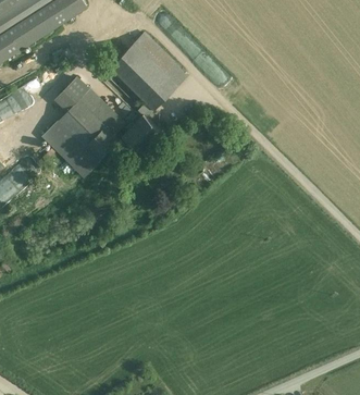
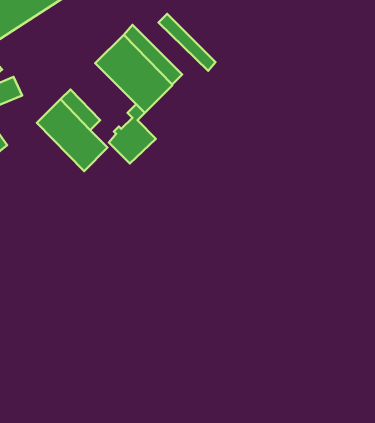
building: [58,77,88,107] -> none
building: [42,119,100,176] -> none

